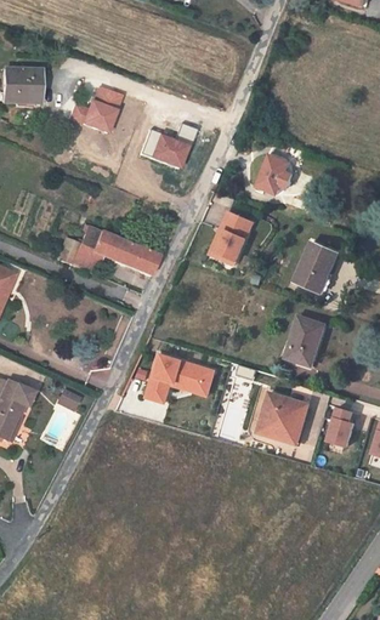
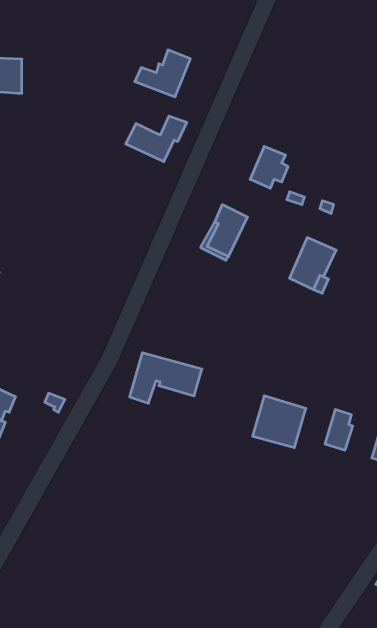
building: [67,87,120,132] -> [135,50,190,97]
building: [56,224,158,277] -> none
building: [284,315,324,366] -> none

